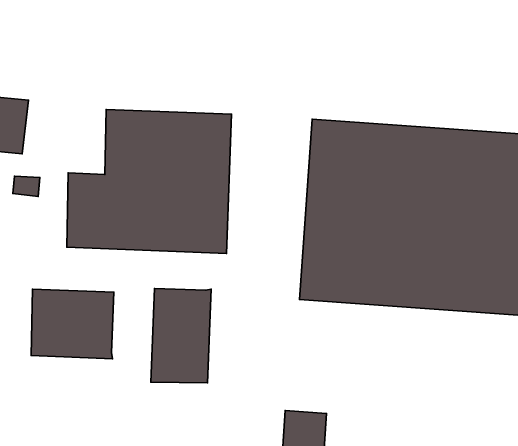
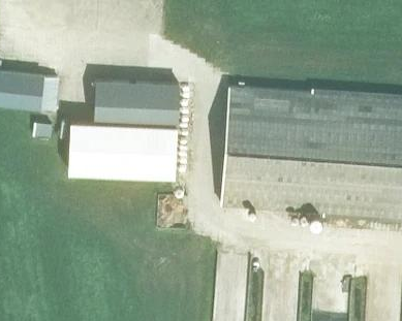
building: [151,288,211,383] -> none
building: [31,289,114,359] -> none

